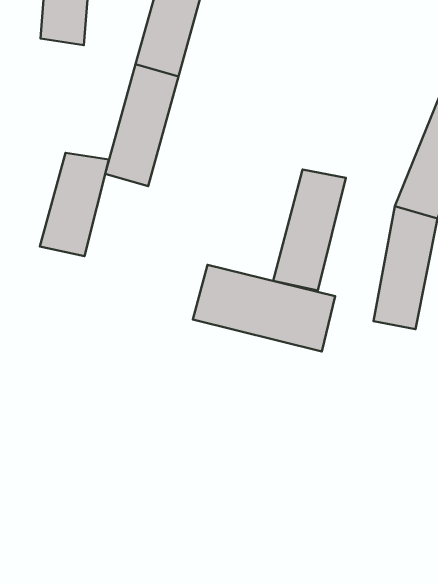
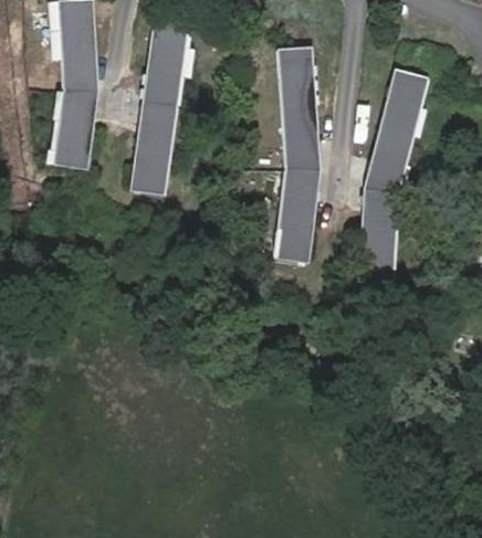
building: none -> [277,45,321,170]
building: [40,153,109,256] -> [52,89,98,170]
building: [193,265,335,351] -> none

